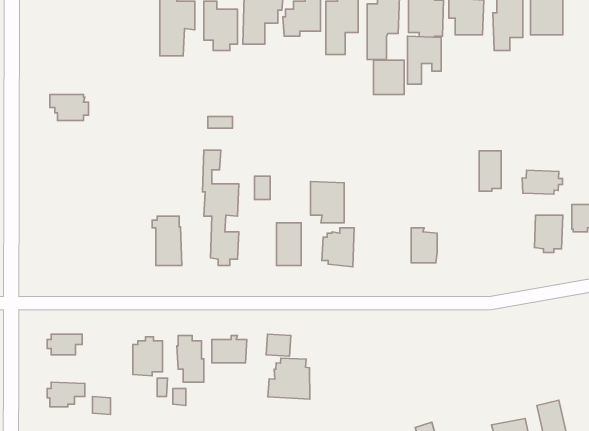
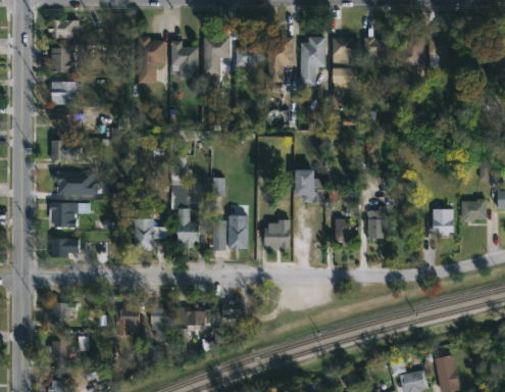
building: none -> [51,48,75,72]
building: none -> [51,82,75,105]
building: [374,60,404,94] -> none
building: none -> [51,139,81,162]
building: [479,151,501,191] -> [368,210,386,242]
building: none -> [54,173,96,194]
building: [522,170,563,194] -> none
building: [310,181,344,223] -> [297,169,323,202]
building: none -> [49,202,90,228]
building: none -> [210,219,226,250]
building: none -> [48,239,80,257]
building: [268,358,310,399] -> none

